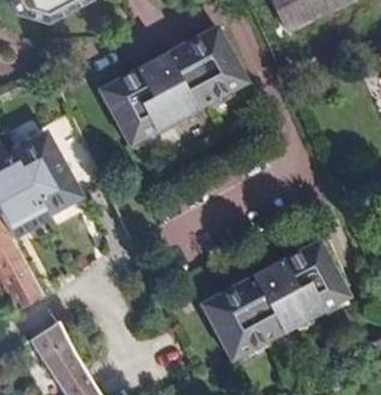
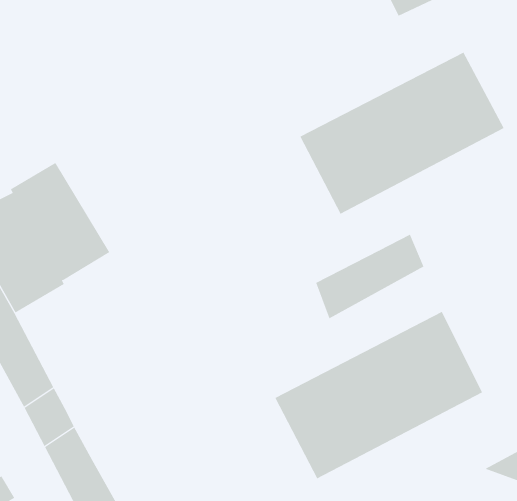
building: [101,30,246,145] -> [299,52,504,215]
building: none -> [315,234,424,319]

